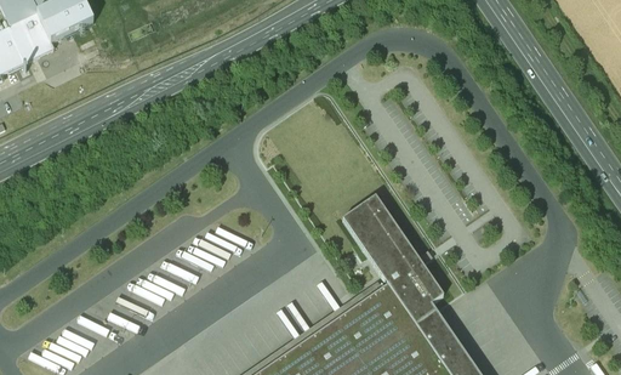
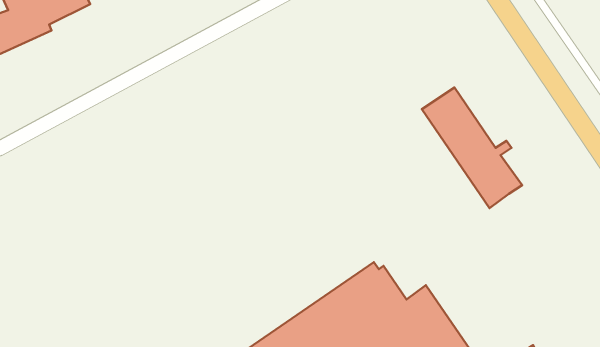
building: [346,199,446,320] -> [422,88,522,208]

